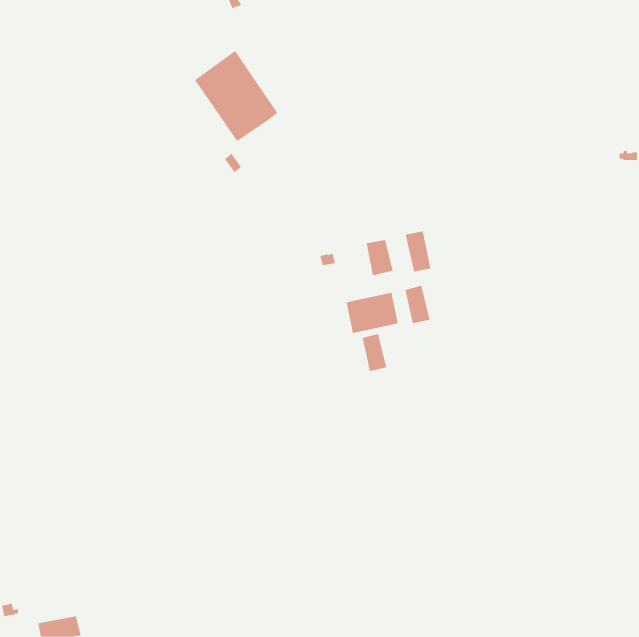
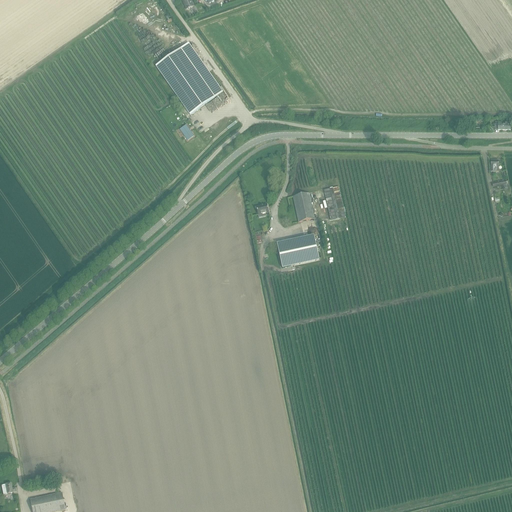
building: [405,285,430,324] -> none
building: [362,333,387,372] -> none

